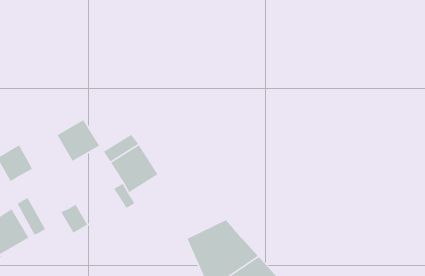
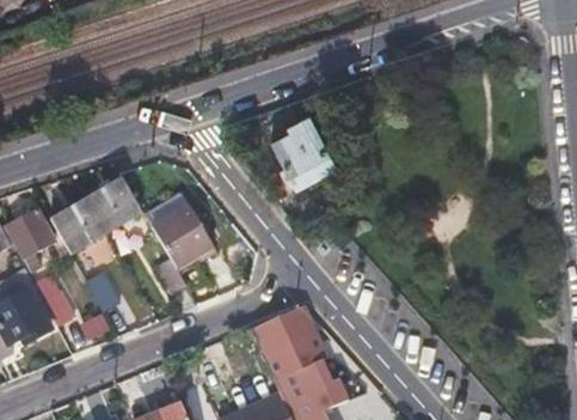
building: none -> [271,114,336,188]
building: none -> [47,195,105,252]

